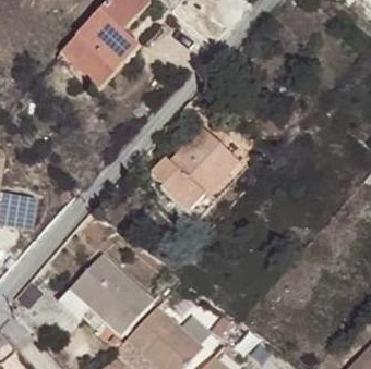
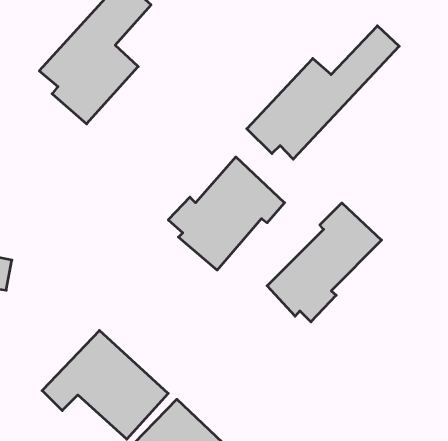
building: none -> [247,26,399,159]
building: none -> [267,203,382,322]

